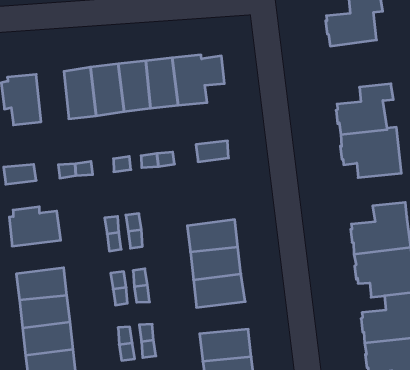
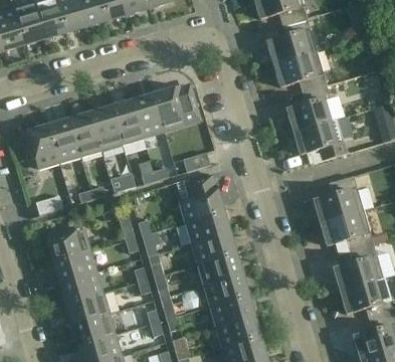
building: none -> [273,51,326,93]
building: none -> [48,120,79,162]
building: none -> [180,176,222,223]
building: none -> [52,251,95,284]
building: none -> [204,275,247,306]

